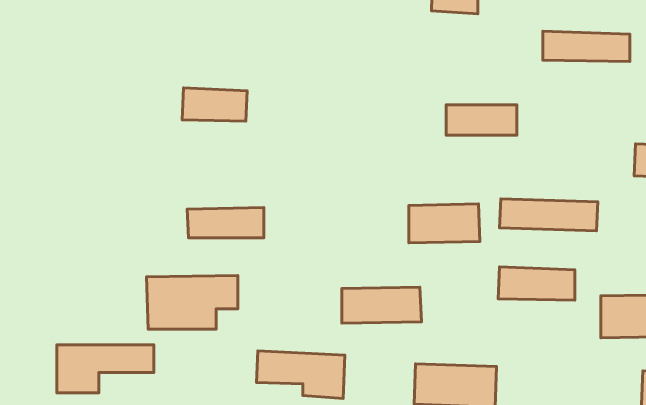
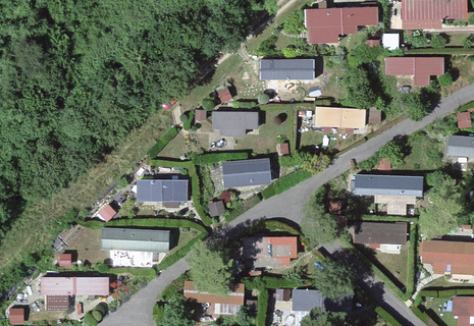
building: none -> [262,58,305,94]
building: [182,88,247,121] -> [211,111,257,134]
building: [409,204,480,243] -> [220,159,270,186]

